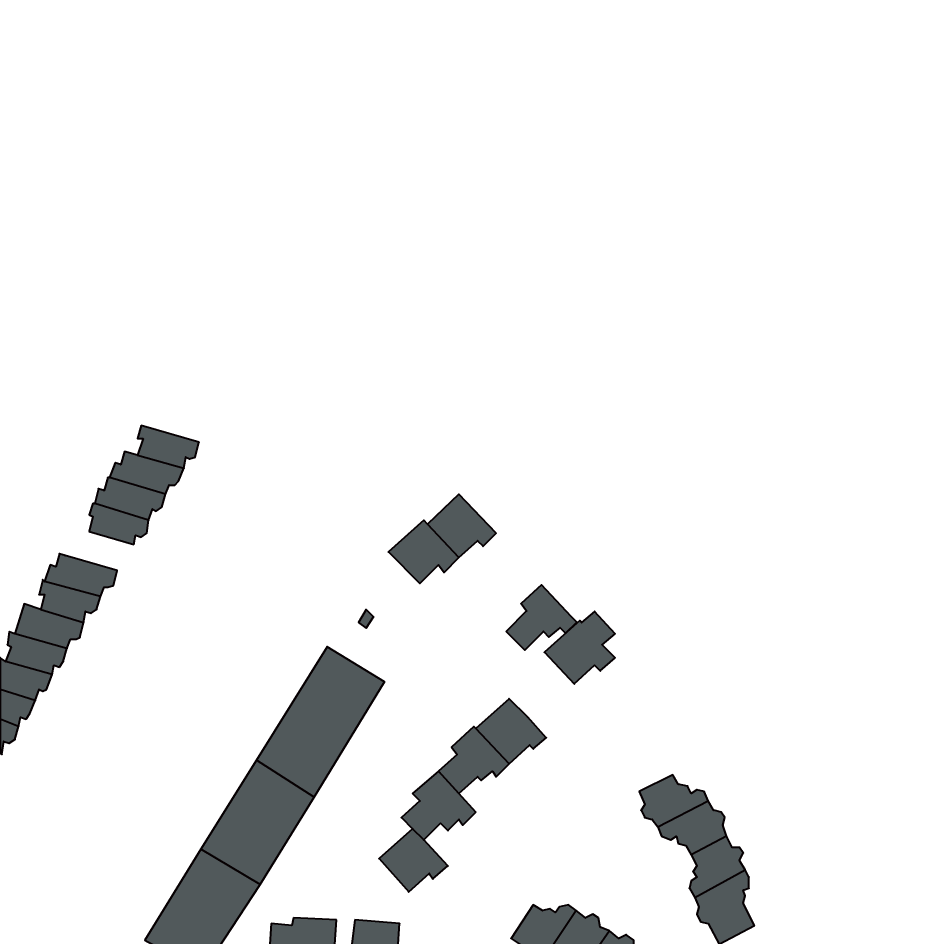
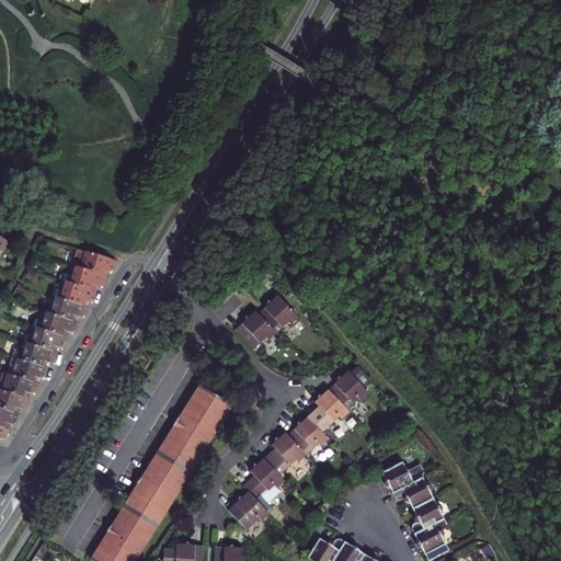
building: none -> [42,314,82,340]
building: [506,585,577,650] -> [304,388,345,426]

